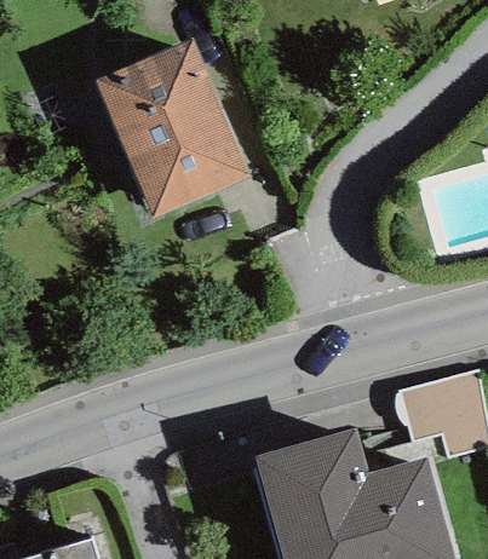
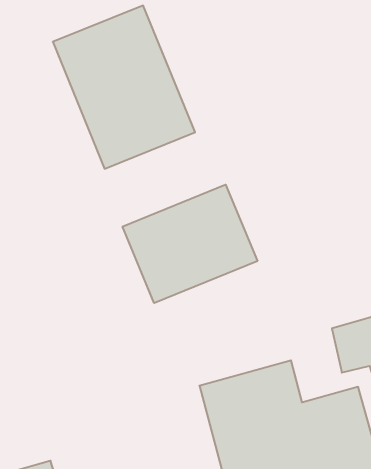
building: none -> [123,185,257,303]

